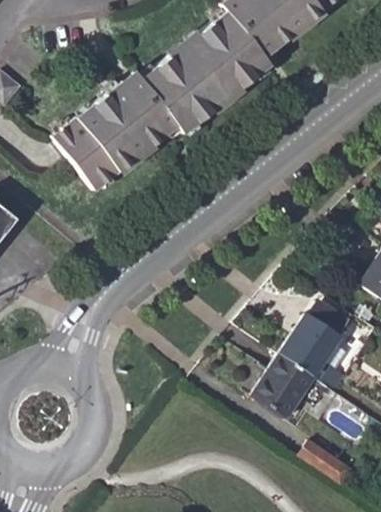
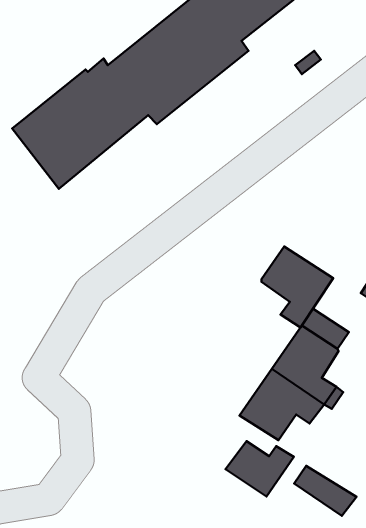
building: none -> [261,246,333,327]
building: none -> [226,441,294,497]

